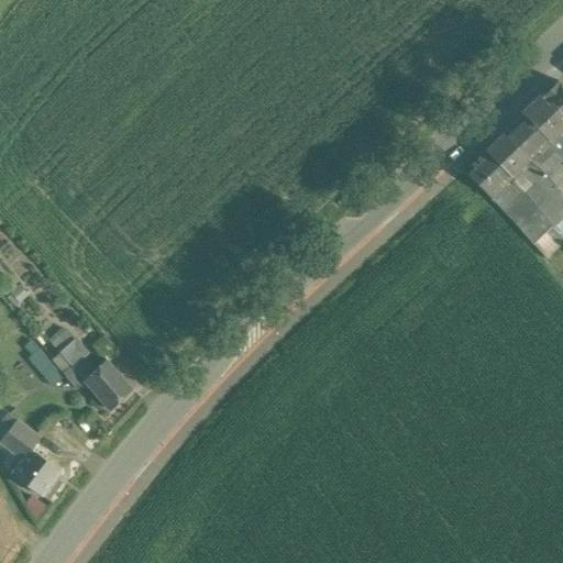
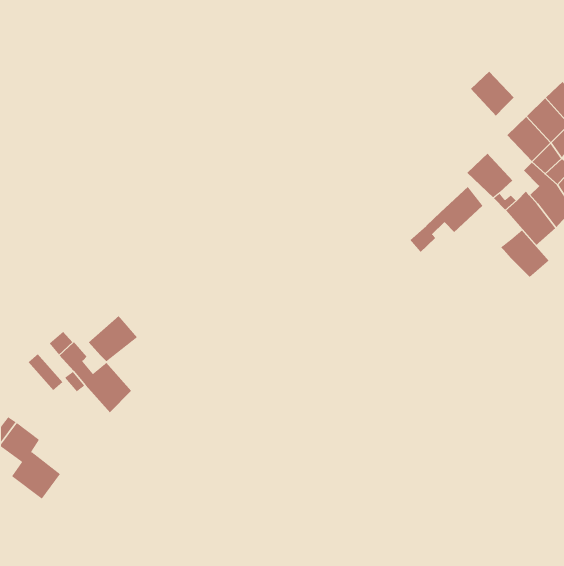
building: [486,134,530,179] -> [470,71,515,116]
building: none -> [409,186,483,253]
building: none -> [500,229,549,278]
building: none -> [88,315,138,362]

